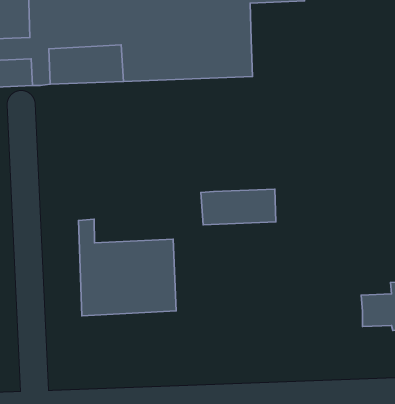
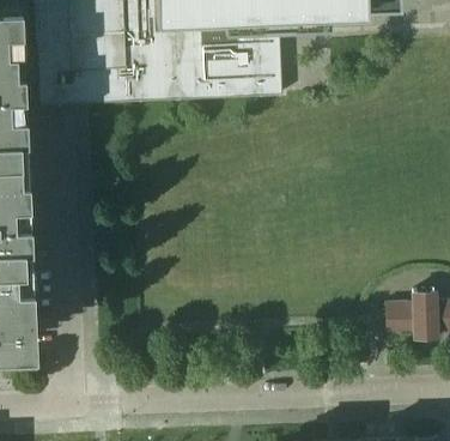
building: [201,189,276,225] -> none
building: [78,219,176,316] -> none

